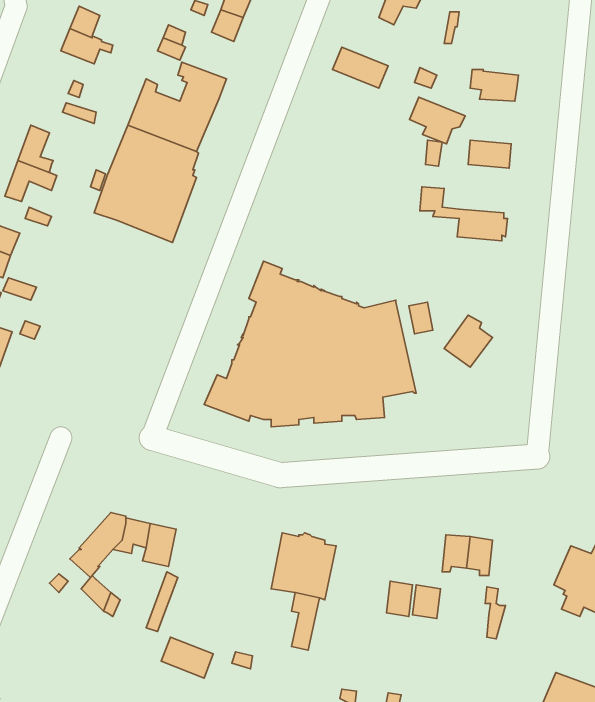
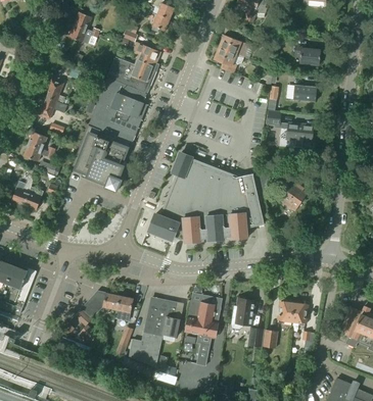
building: [409,97,465,144] -> [214,47,244,72]
building: none -> [73,126,128,191]
building: none -> [230,296,254,328]
building: none -> [129,298,180,366]

